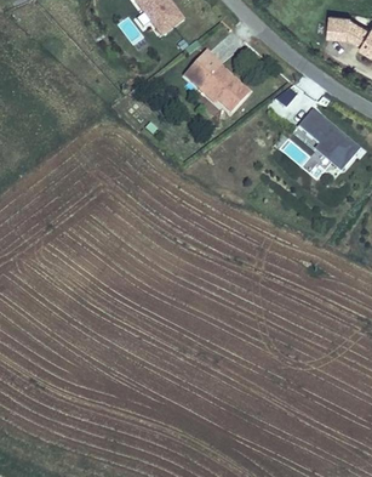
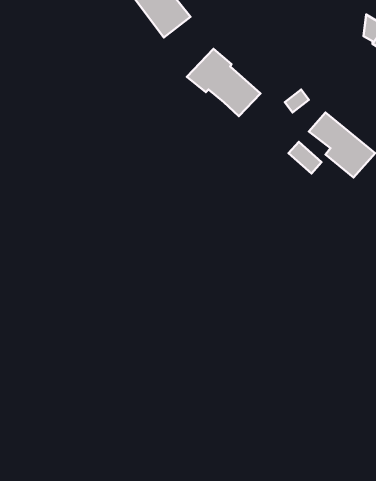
building: [326,11,351,36] -> none

